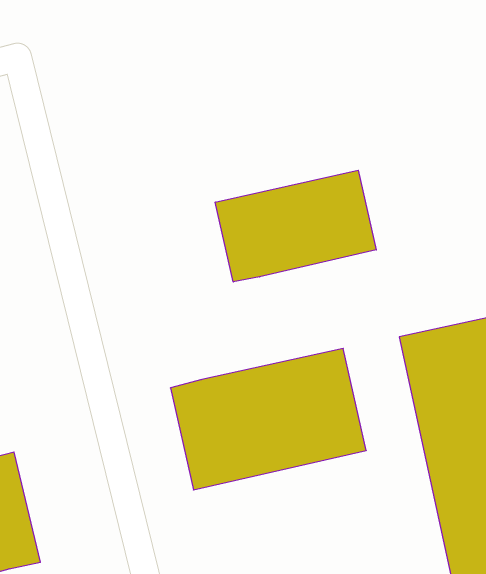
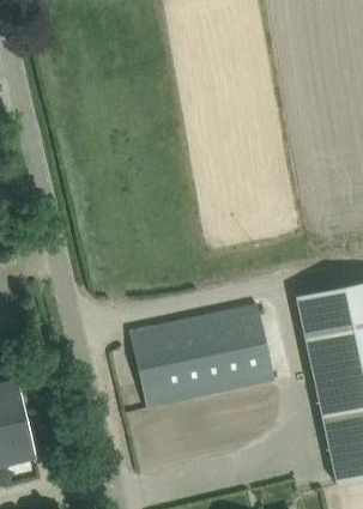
building: [215,170,376,282] -> none

